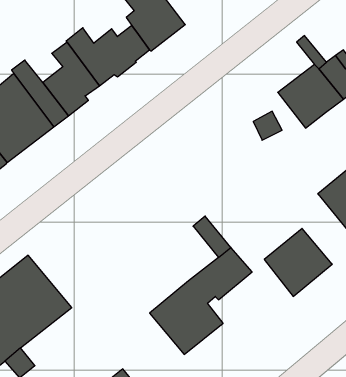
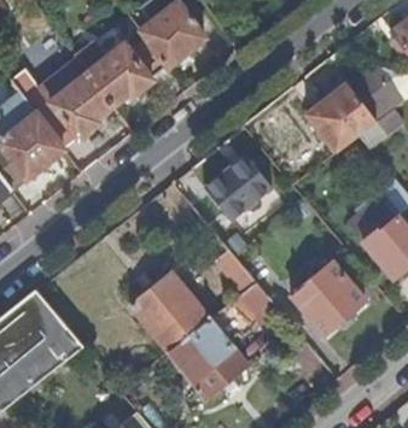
building: none -> [203,156,270,221]
building: none -> [129,270,209,352]

